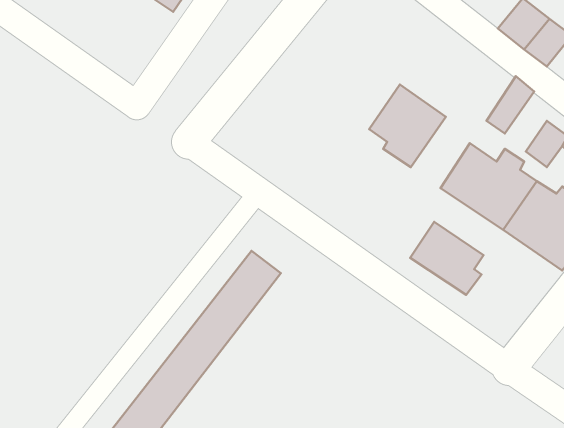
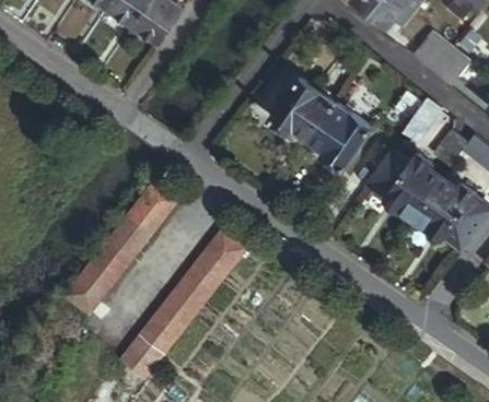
building: none -> [270,76,335,137]
building: none -> [65,182,177,316]
building: [410,222,484,295] -> none

